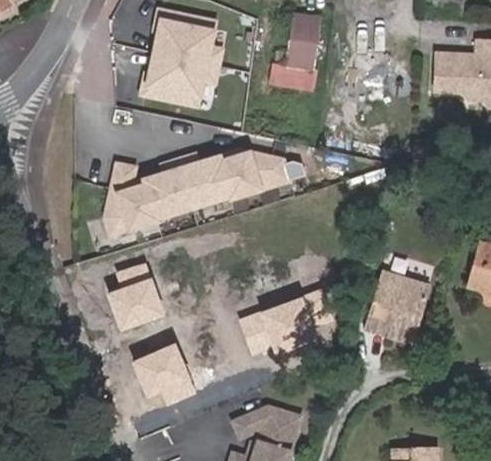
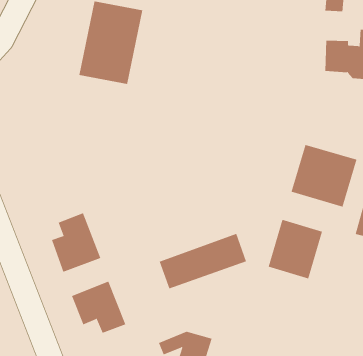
building: [281,15,317,89] -> none
building: [108,154,291,236] -> none
building: none -> [291,144,357,207]

